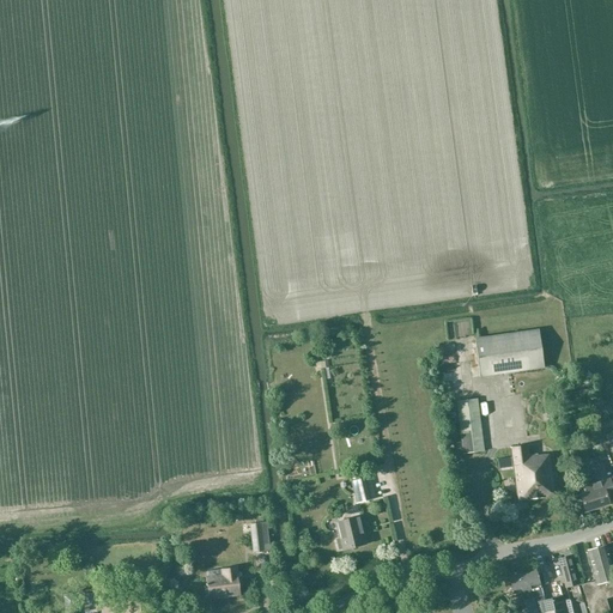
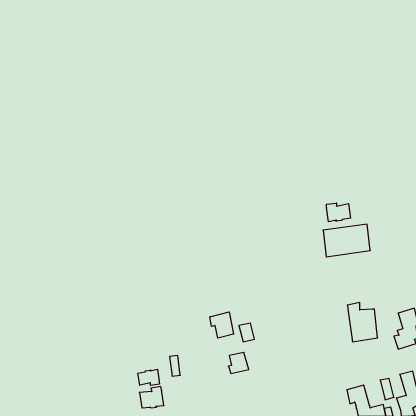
building: none -> [326,203,350,222]
building: [457,399,485,454] -> none
building: none -> [210,312,234,338]
building: none -> [138,369,159,385]

